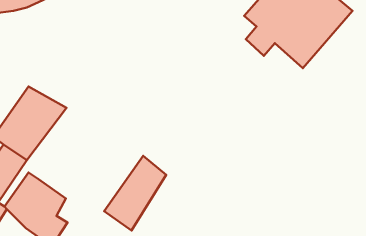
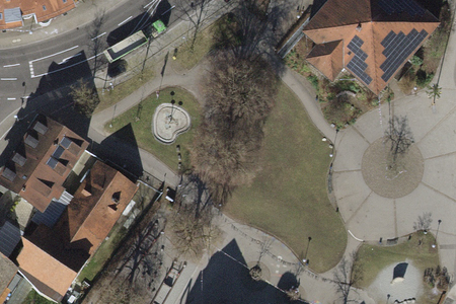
building: [104,156,166,230] -> [54,161,130,252]

